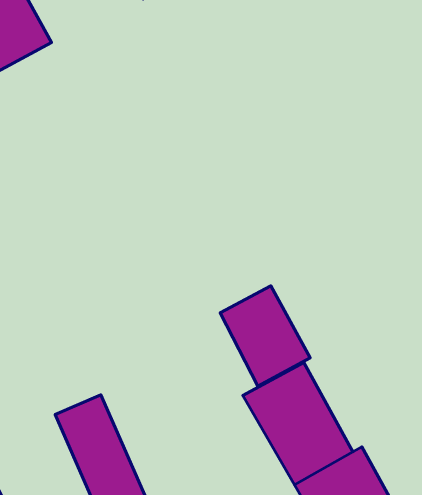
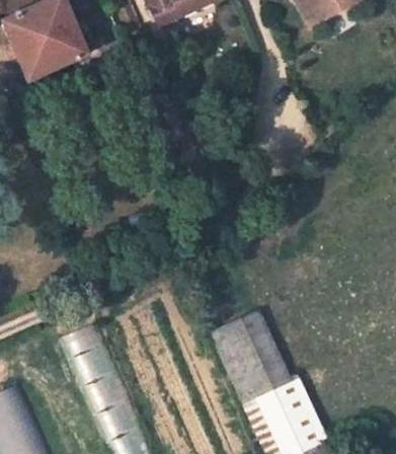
building: [220,286,310,386] -> none

